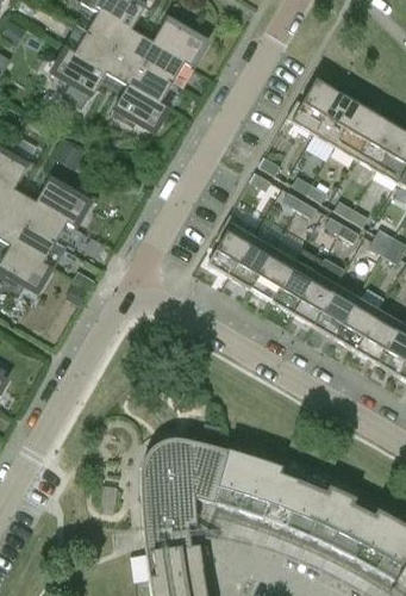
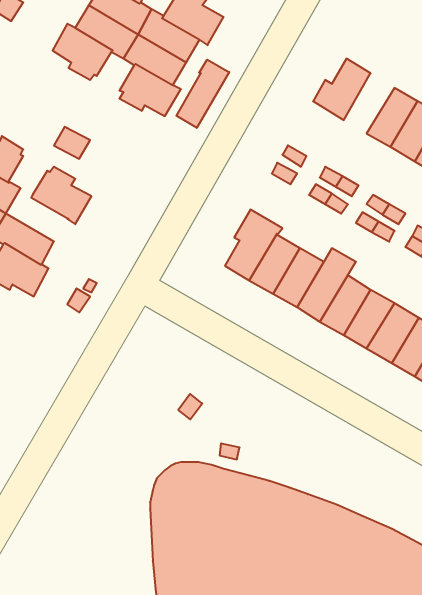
building: none -> [176,60,229,128]
building: [313,93,358,147] -> none
building: [12,195,68,243] -> none

